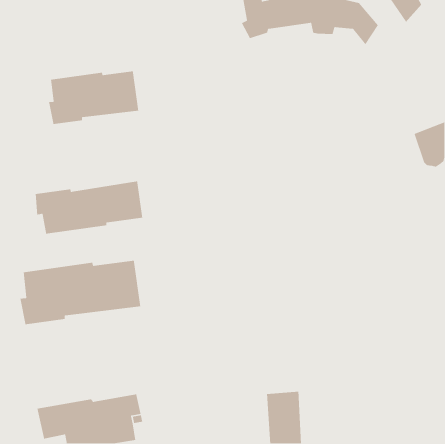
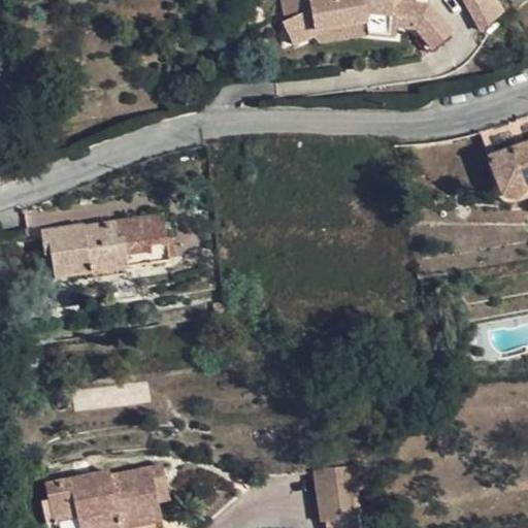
building: [48,70,139,125] -> none
building: [20,260,141,325] -> none

